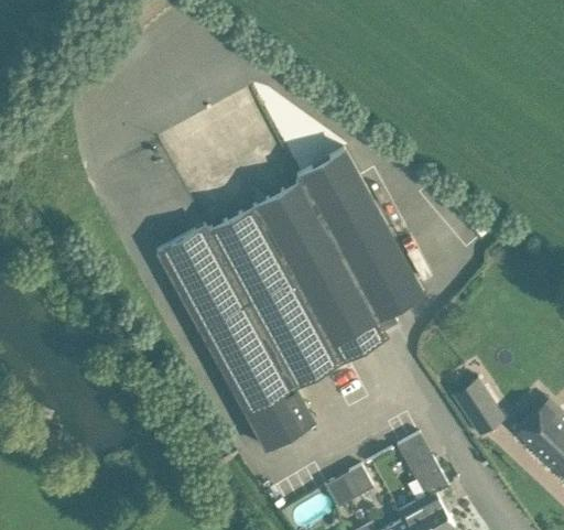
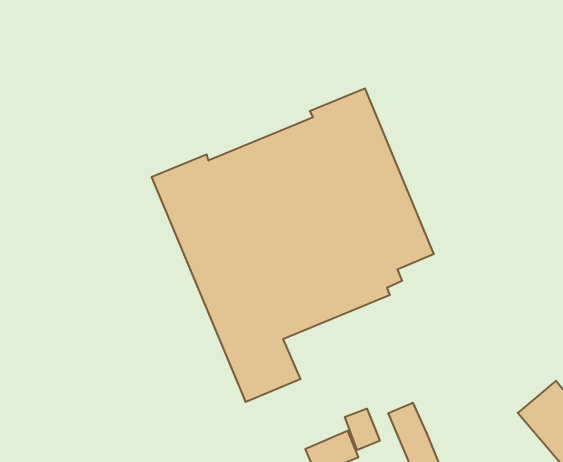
building: [453,378,506,436] -> none
building: none -> [345,409,380,450]

